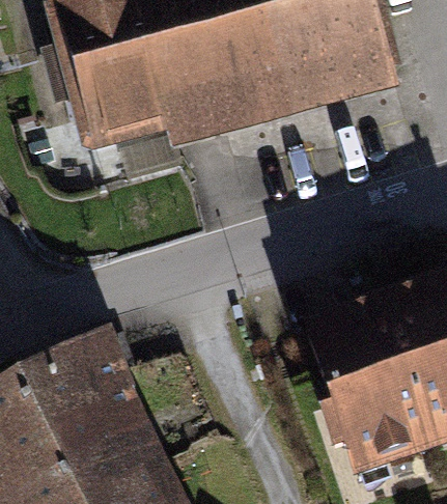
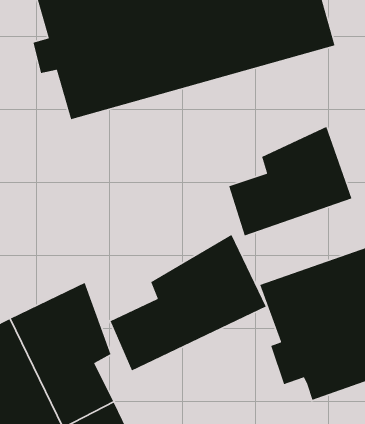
building: none -> [228,126,353,237]
building: none -> [109,234,267,371]

